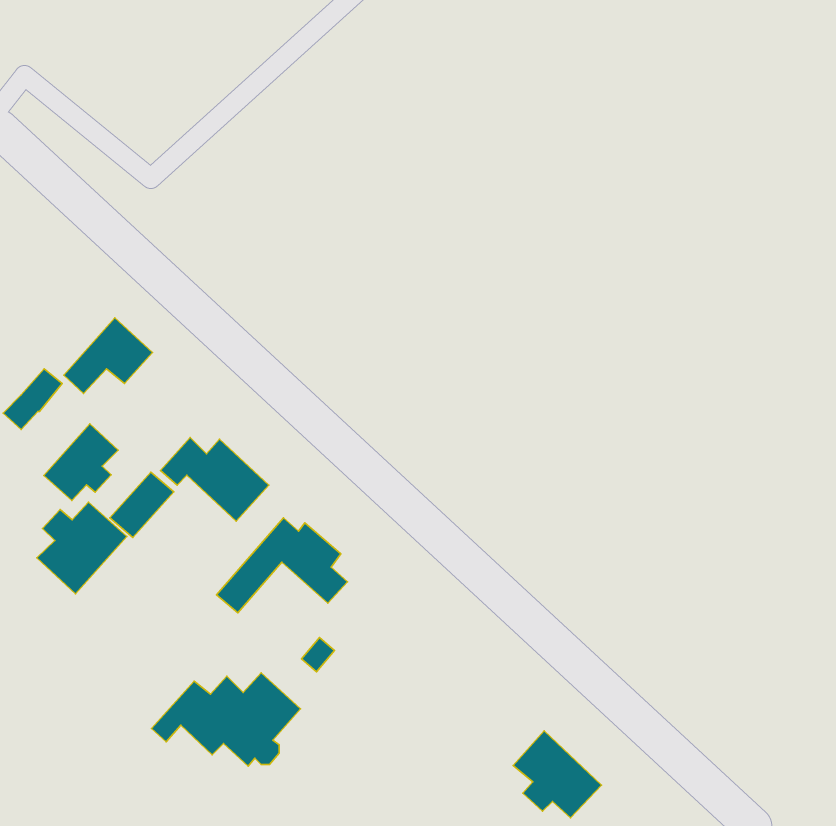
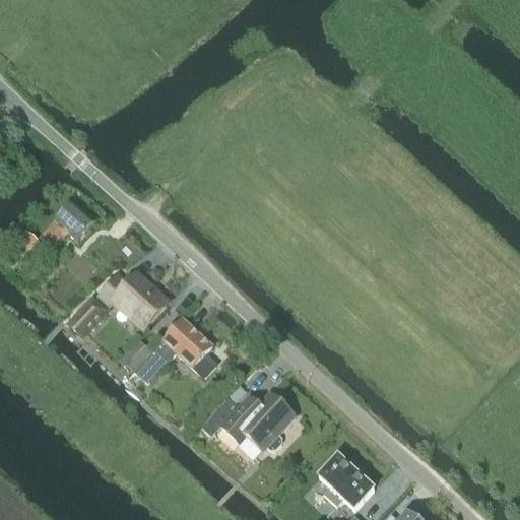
building: [44,424,118,501] -> none
building: [37,502,127,594] -> none
building: [151,673,301,766] -> [203,391,296,449]

